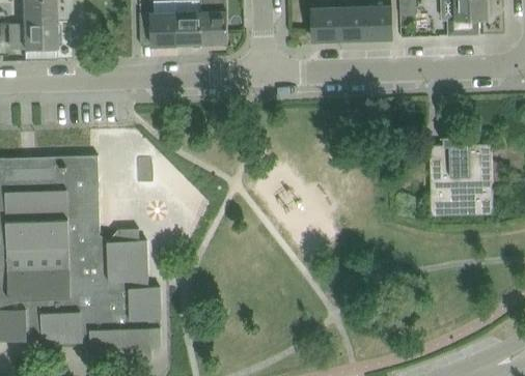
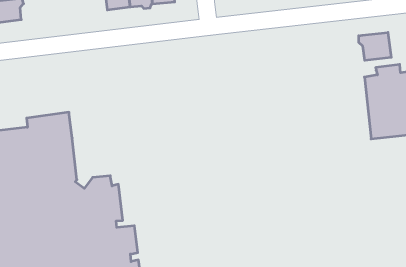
building: none -> [359,32,391,60]

